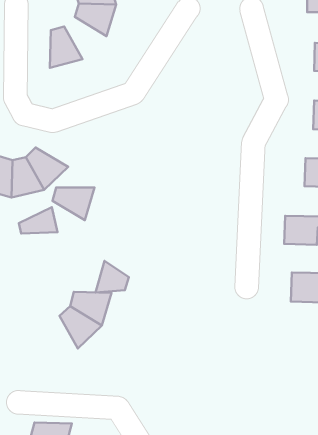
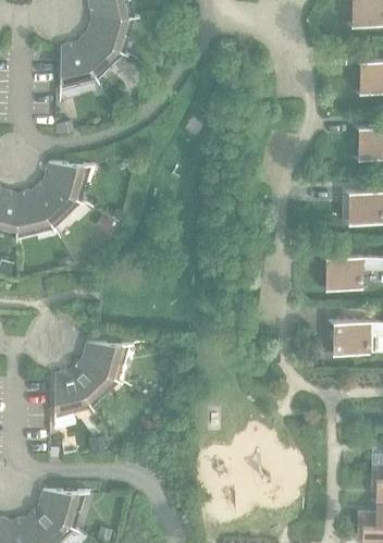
building: none -> [75,32,123,79]
building: [52,187,95,220] -> [42,164,90,201]
building: [19,207,58,233] -> none
building: [95,261,129,292] -> none
building: none -> [53,370,90,417]

